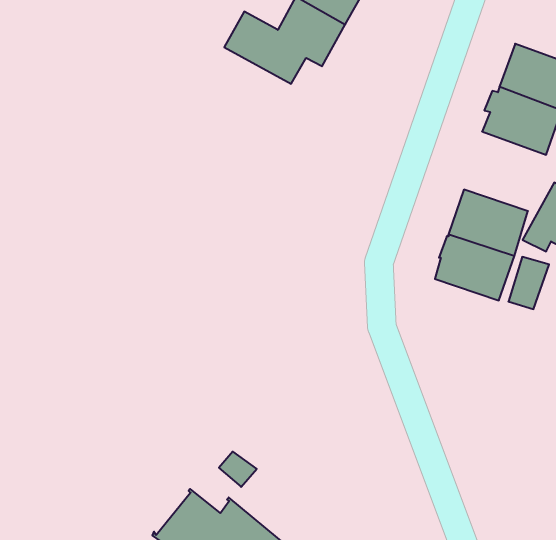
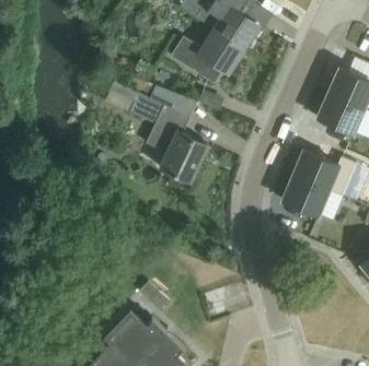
building: none -> [111,82,208,184]

